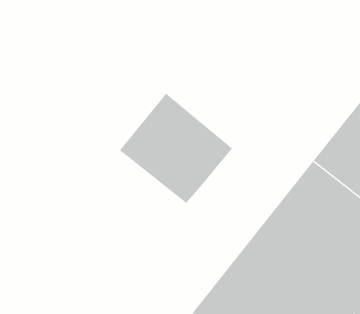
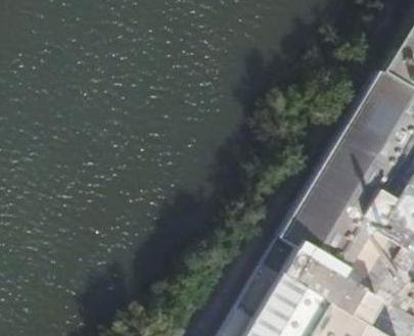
building: [119,93,233,204] -> none

